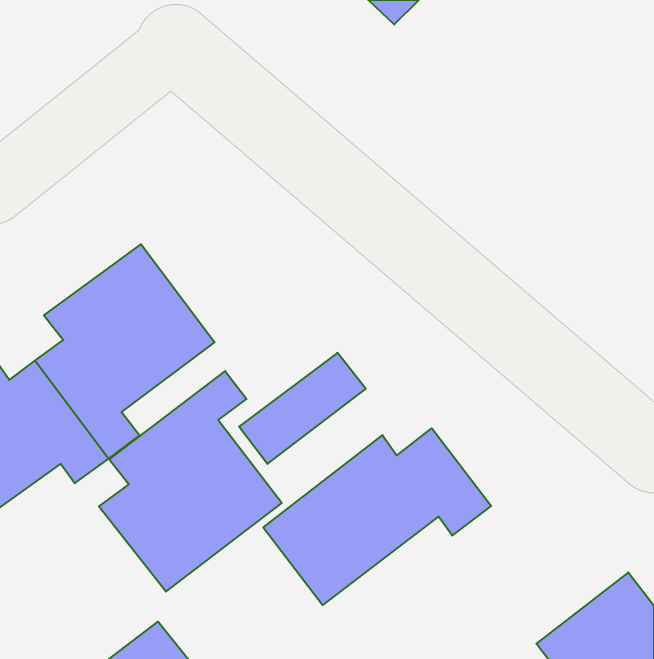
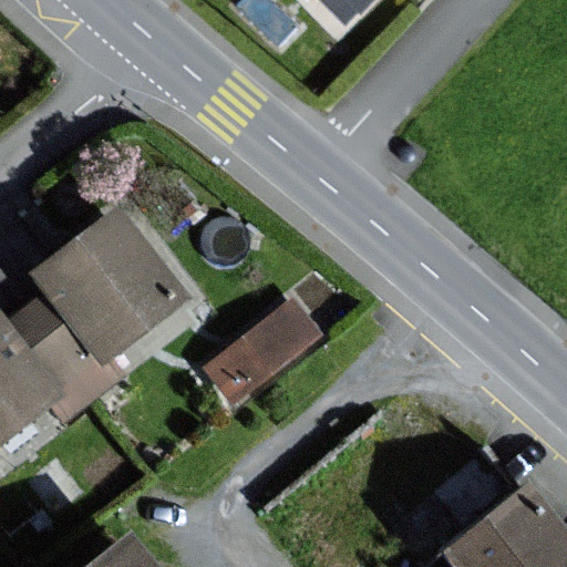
building: [99,371,282,592] -> none
building: [263,428,491,605] -> none

